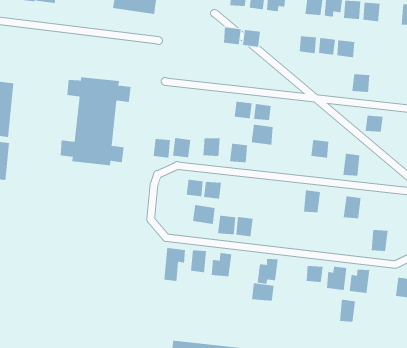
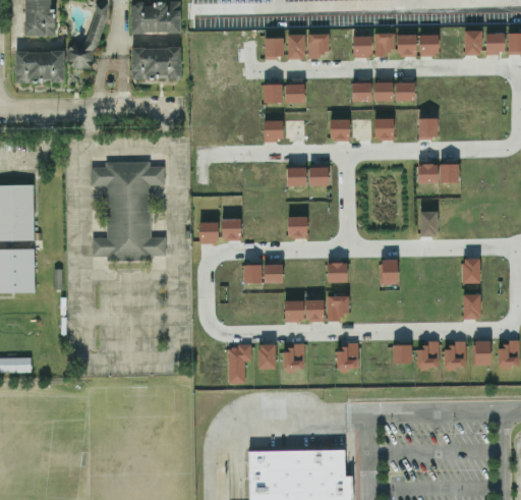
building: none -> [264,119,283,141]
building: none -> [331,118,350,141]
building: none -> [374,117,394,140]
building: [251,124,273,146] -> none
building: [203,138,220,157] -> none
building: [310,140,329,158] -> [418,163,439,182]
building: none -> [327,262,348,282]
building: [343,196,361,219] -> [462,258,480,283]
building: [193,204,215,225] -> none
building: none -> [328,295,349,321]
building: [251,282,274,302] -> none
building: [339,299,356,322] -> [474,340,491,366]

